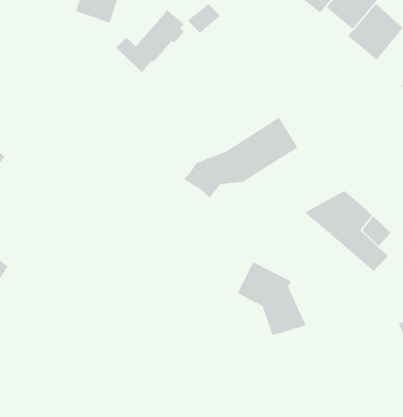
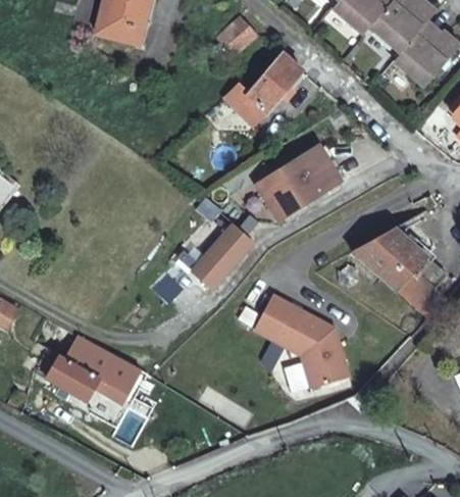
building: [115,9,185,73] -> [223,54,300,125]
building: none -> [180,213,251,292]
building: none -> [255,295,292,340]
building: none -> [35,336,139,402]

